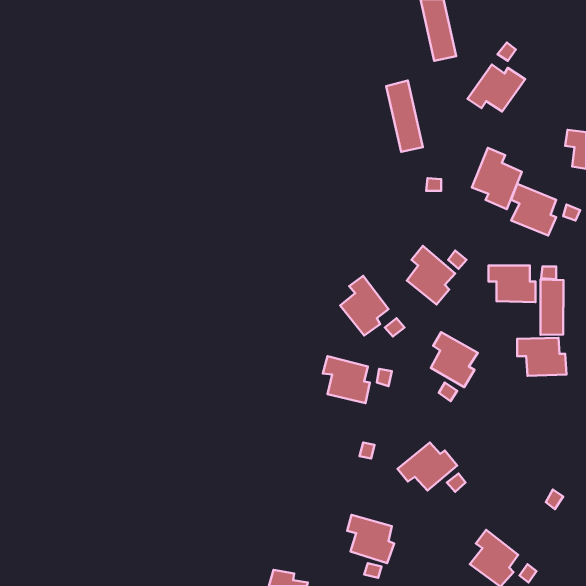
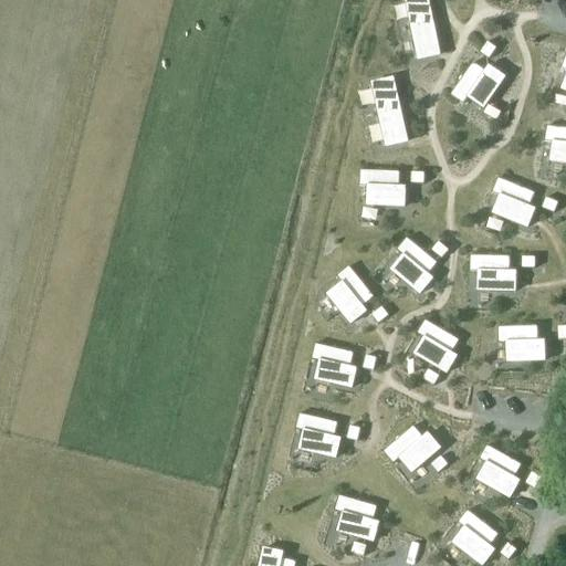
building: [472,148,522,209] -> none
building: none -> [359,169,406,207]
building: [541,279,563,335] -> none
building: none -> [295,413,340,458]
building: none -> [478,444,522,497]

